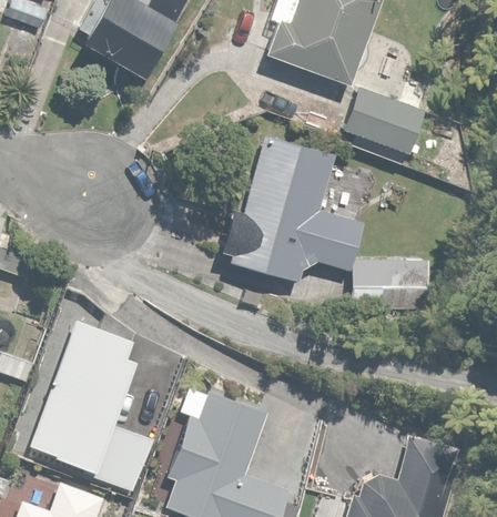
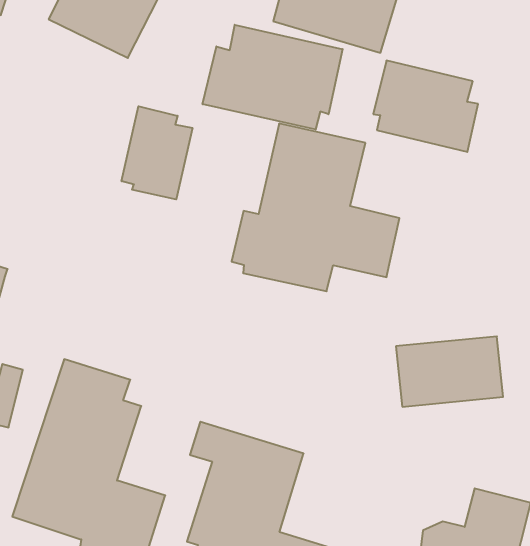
building: none -> [203,25,343,130]
building: none -> [122,106,192,199]
building: [352,255,437,308] -> [396,336,503,407]

